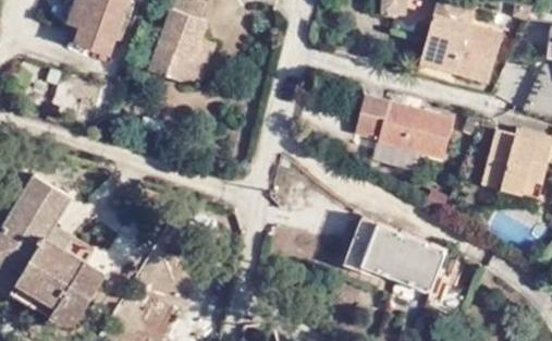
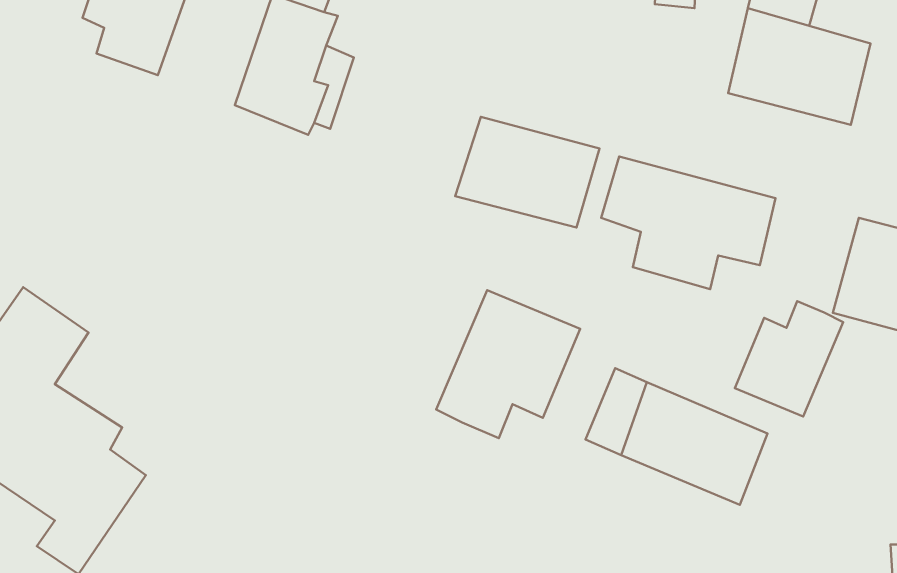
building: none -> [455,117,599,227]
building: none -> [436,290,580,438]
building: none -> [735,301,843,417]

